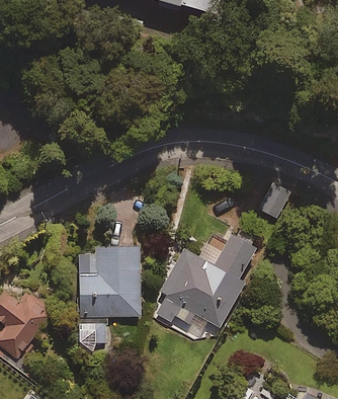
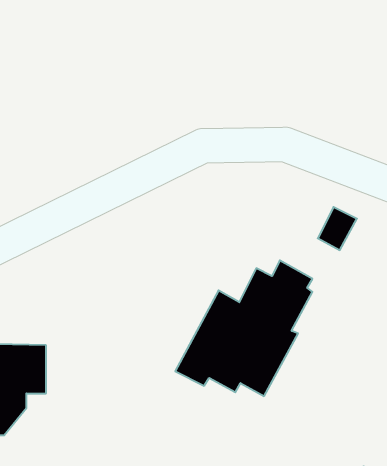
building: [78,249,140,343] -> none

